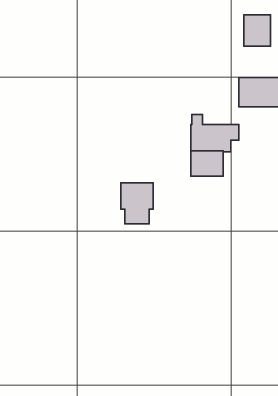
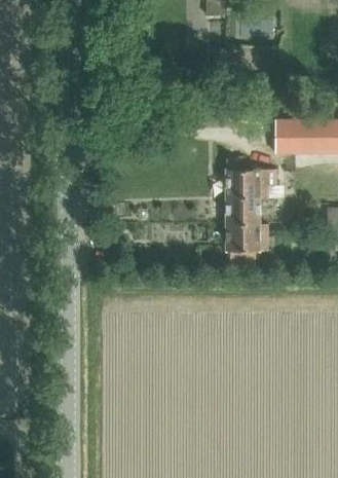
building: [244,15,270,46] -> none
building: [121,183,153,224] -> [226,224,260,267]

